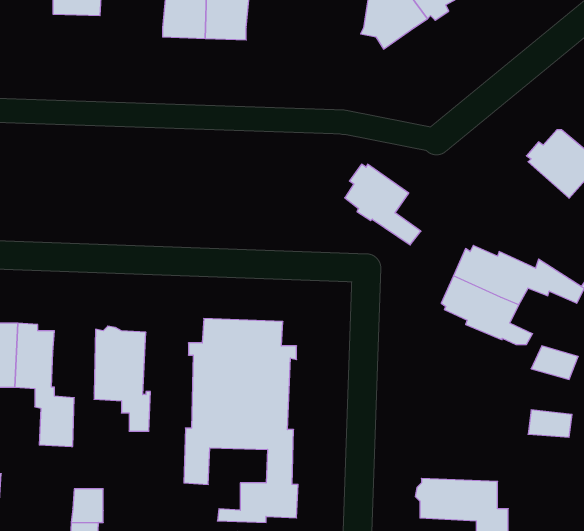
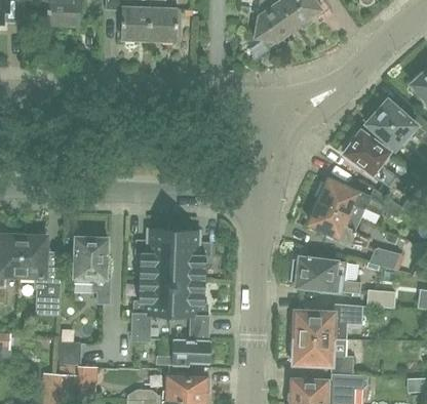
building: [345,164,421,245] -> [344,130,395,185]
building: none -> [289,254,359,292]
building: none -> [290,302,363,338]

